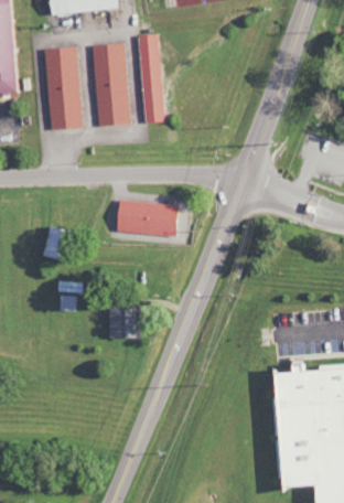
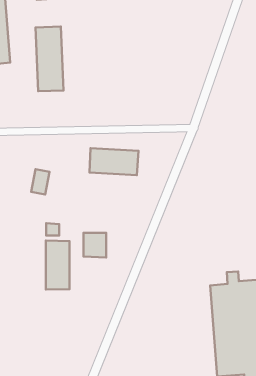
building: [141,34,165,122] -> none
building: [95,43,131,126] -> none
building: none -> [46,241,70,290]

